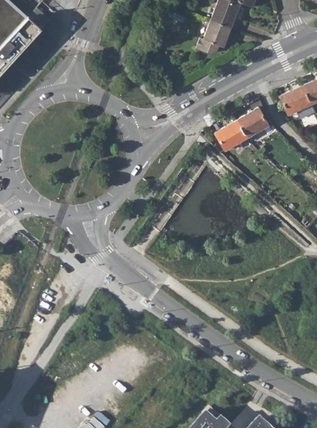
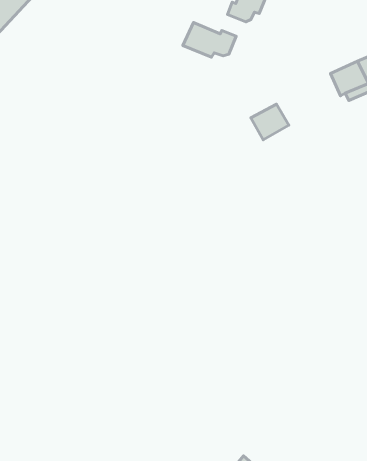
building: none -> [183,22,236,57]
building: [236,107,268,137] -> none

